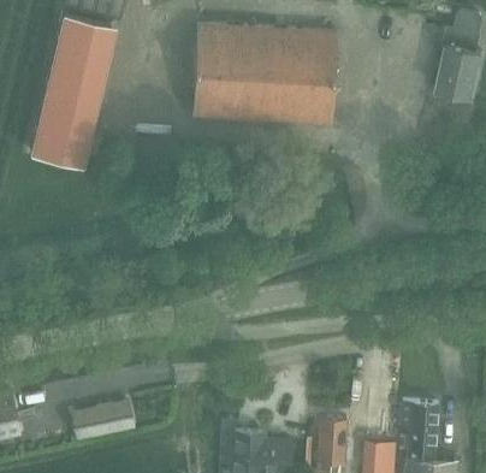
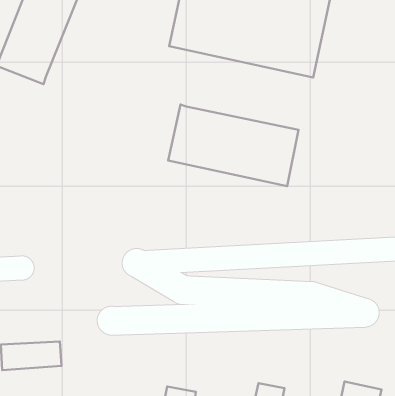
building: none -> [168,104,299,186]

